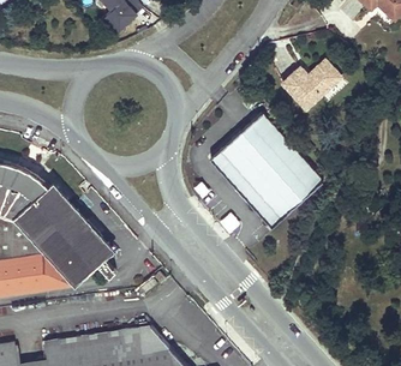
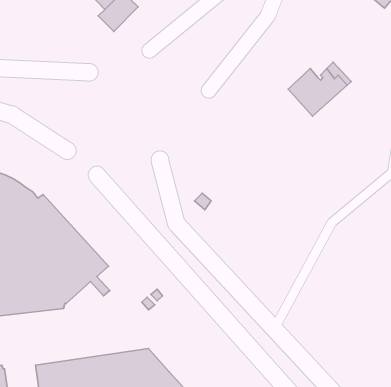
building: [210,113,322,227] -> none

